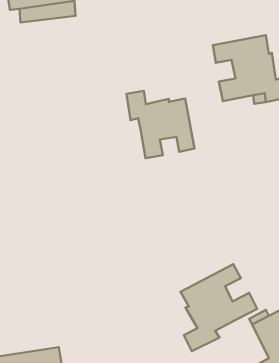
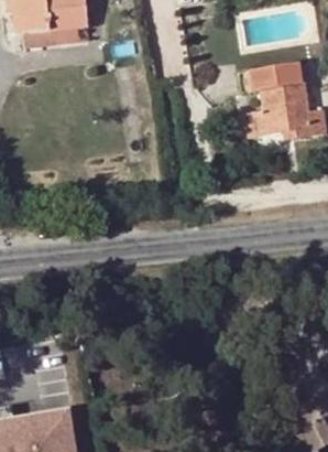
building: [126,91,195,158] -> none
building: [180,264,257,351] -> none

